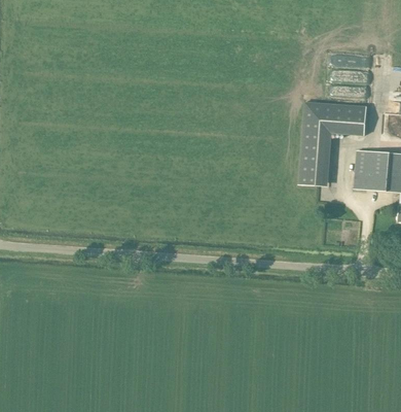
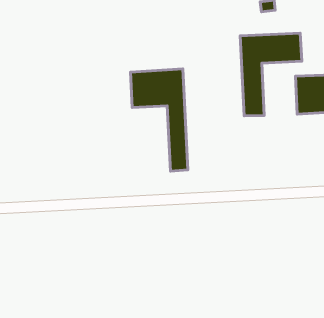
building: none -> [131,69,188,171]

